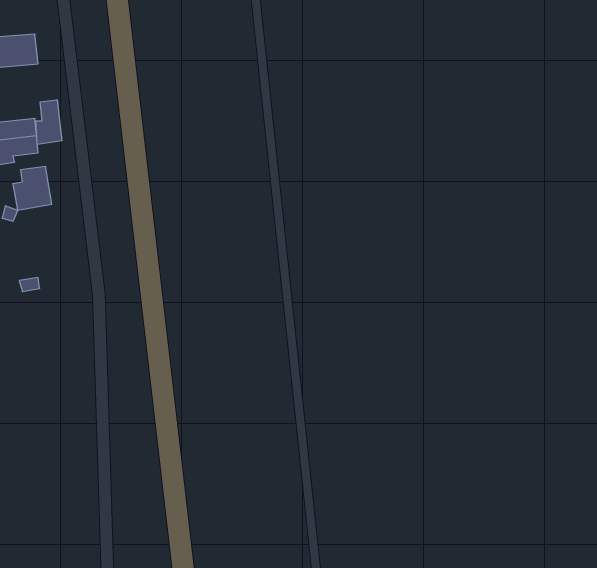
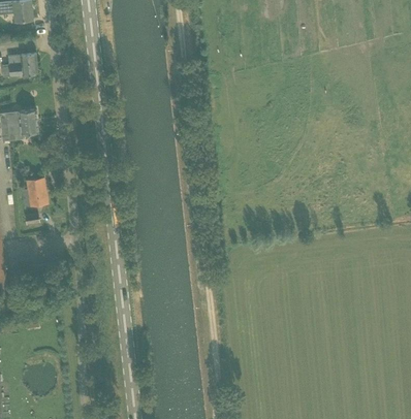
building: [36,100,62,144] -> none
building: [13,167,52,210] -> [22,179,48,207]

